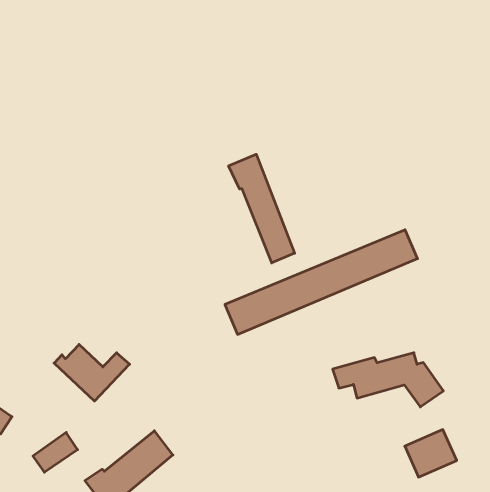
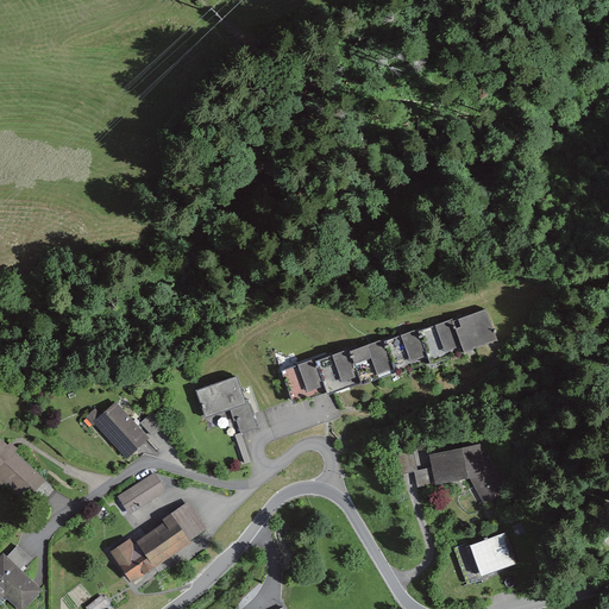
building: [229,154,295,263] -> none
building: none -> [195,379,259,437]
building: [33,432,78,472] -> [118,471,168,513]

